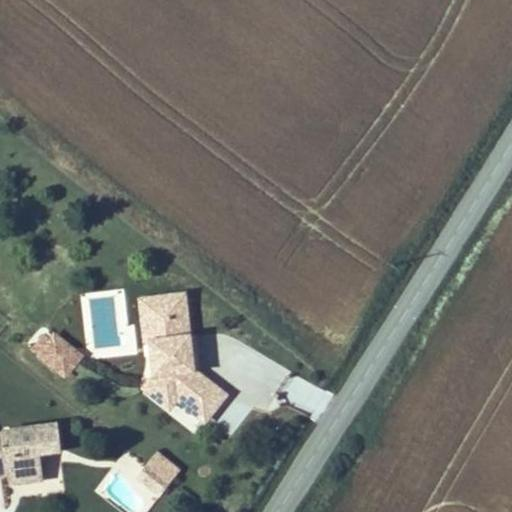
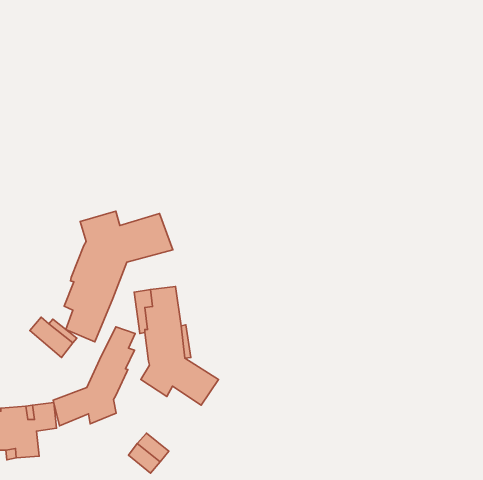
building: none -> [64,211,173,342]
building: none -> [53,327,135,426]

